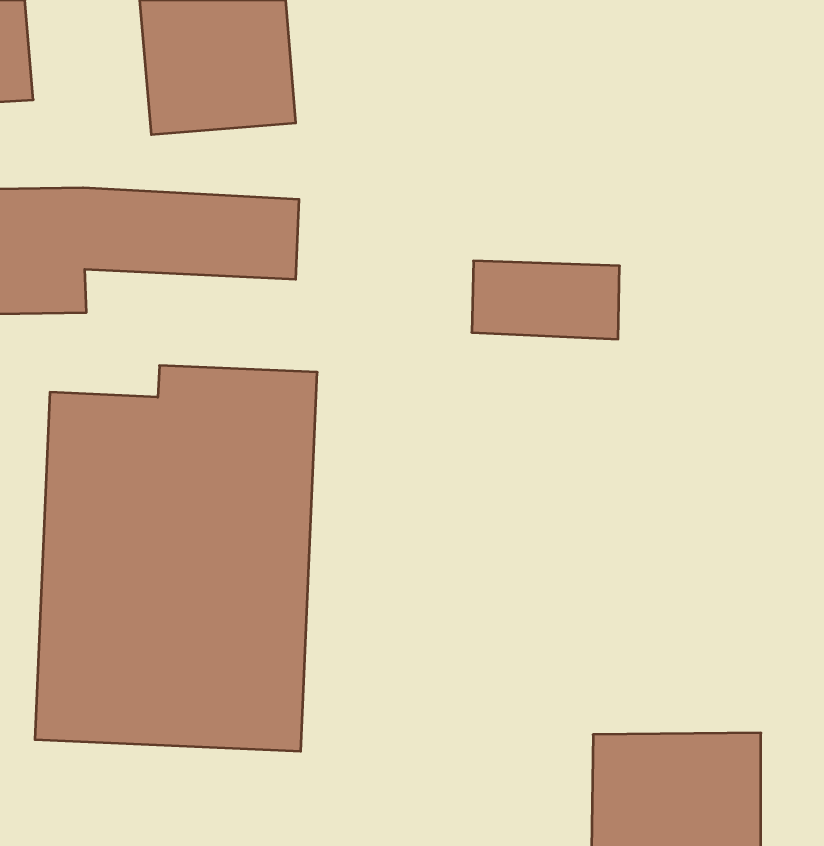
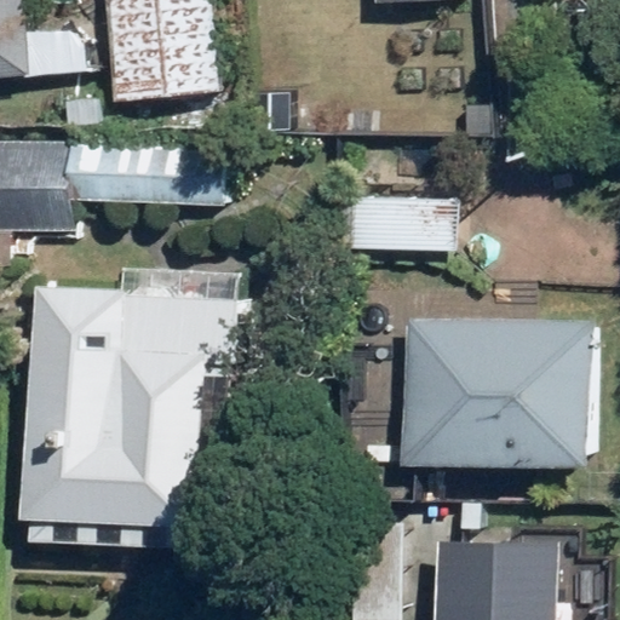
building: none -> [403,317,591,464]

